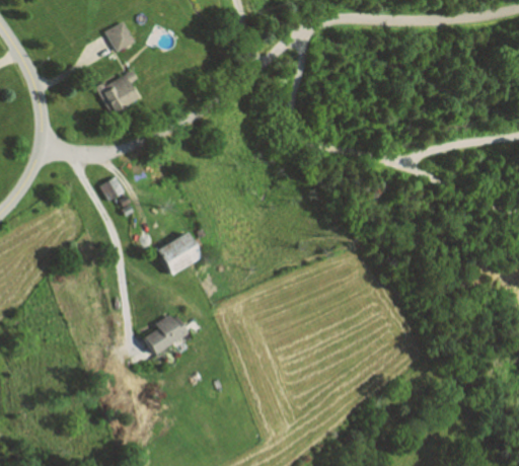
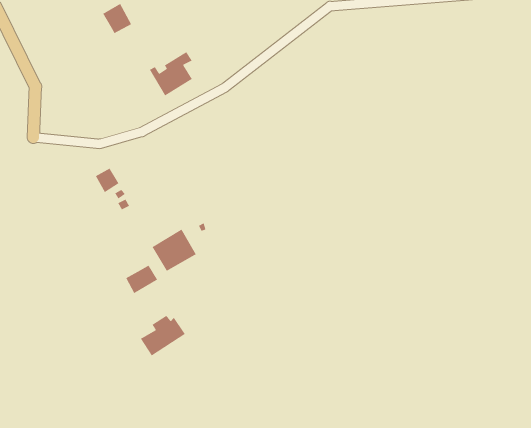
building: [97,70,139,112] -> [149,51,193,96]
building: none -> [125,265,158,294]

